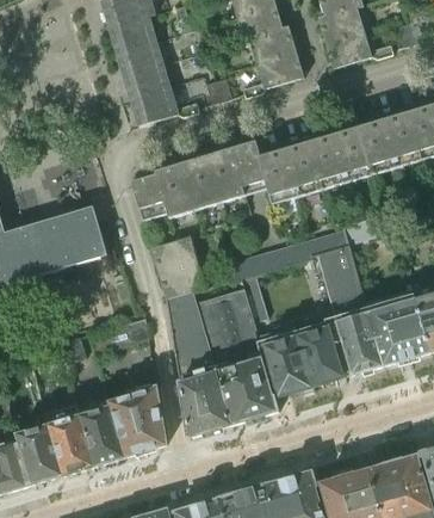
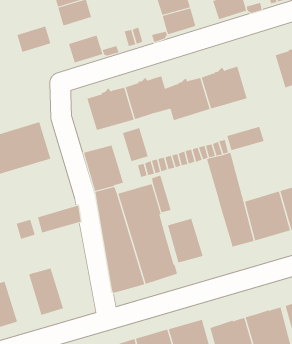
building: [123,64,169,100] -> [17,26,51,53]
building: [359,116,422,174] -> none
building: [131,174,167,221] -> [122,127,149,162]
building: [297,326,347,387] -> none
building: [106,380,166,457] -> none
building: [45,405,93,475] -> none

